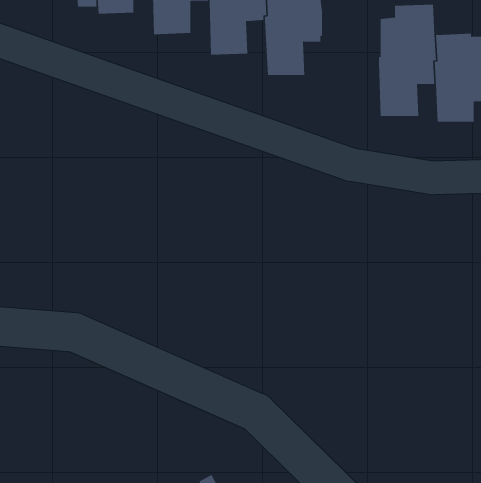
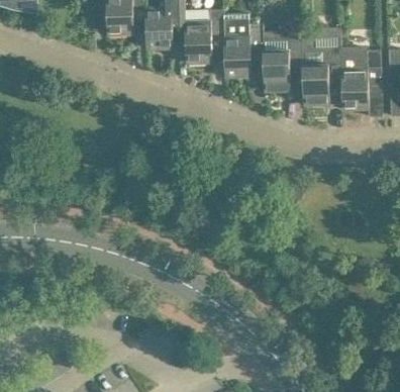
building: none -> [262,31,302,91]

